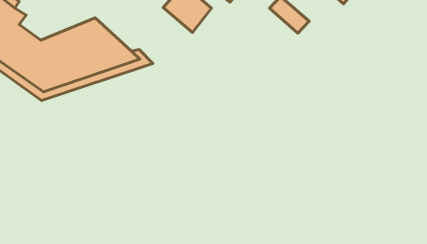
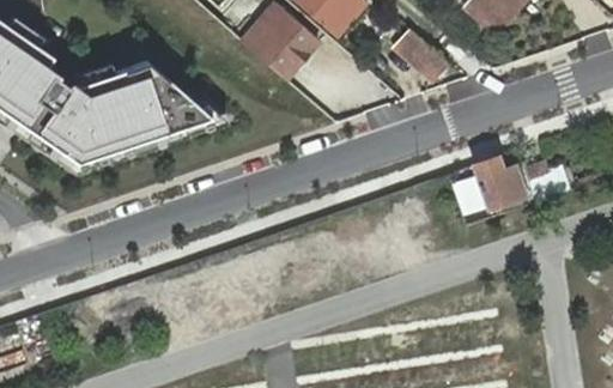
building: none -> [472,157,553,206]

